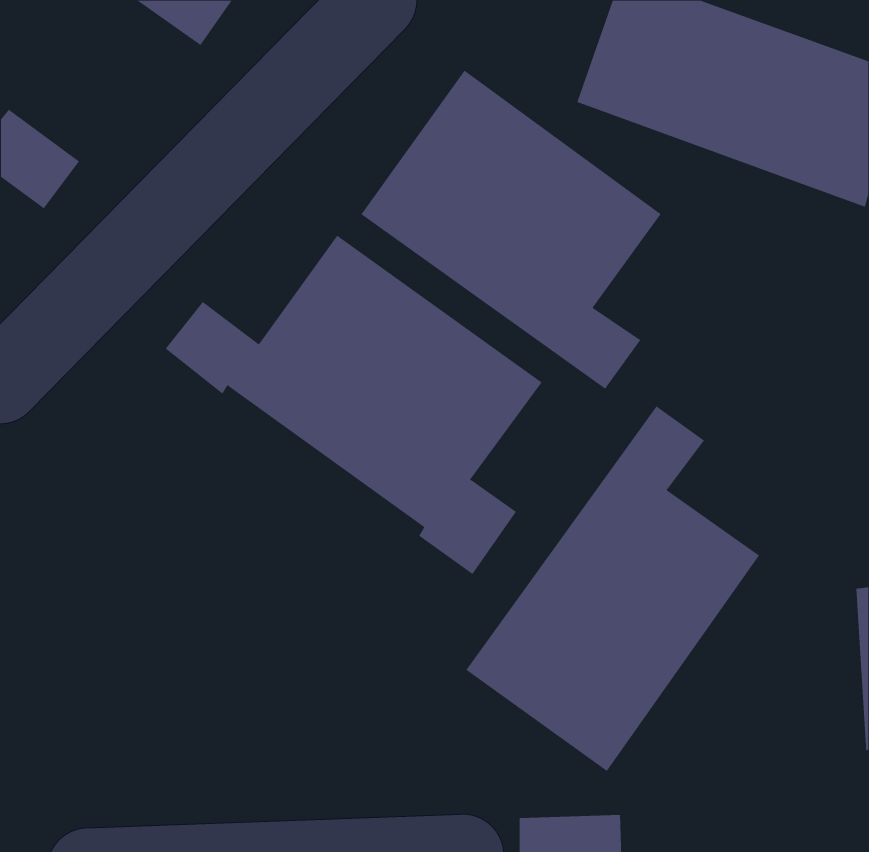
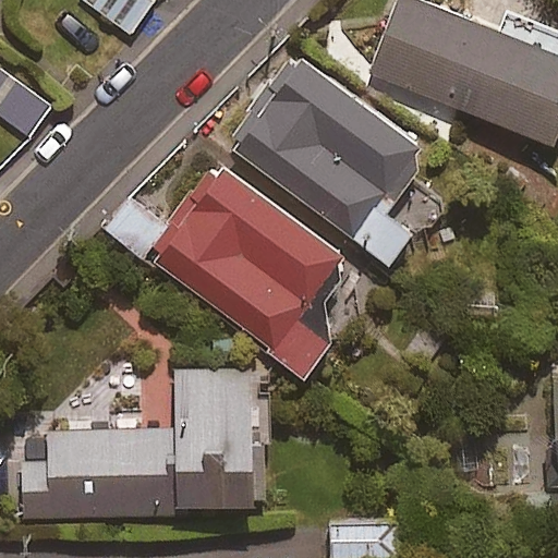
building: [465,405,760,772] -> none
building: none -> [14,372,269,520]

